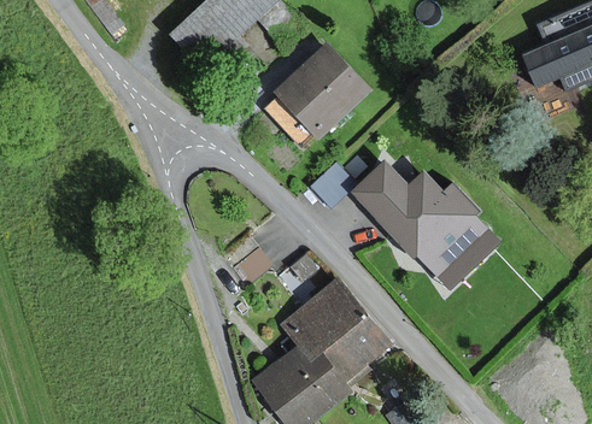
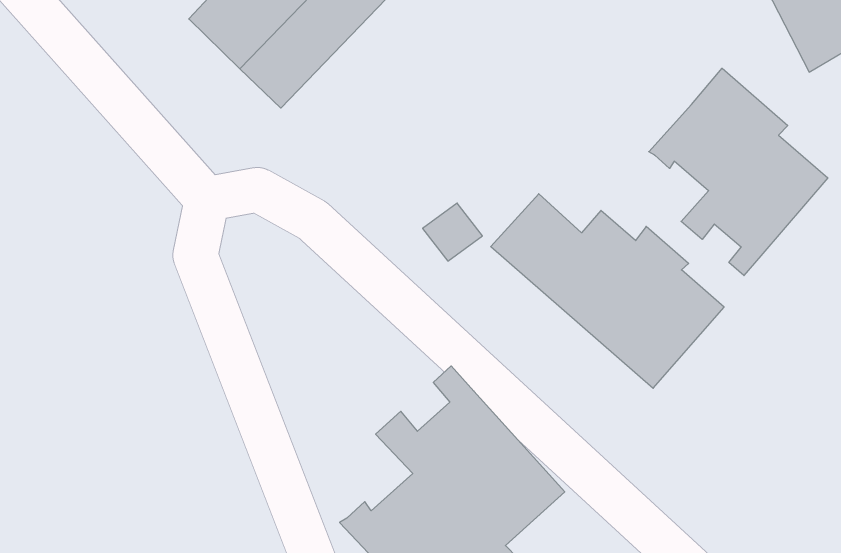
building: [276,46,371,141] -> none
building: none -> [649,68,828,276]

